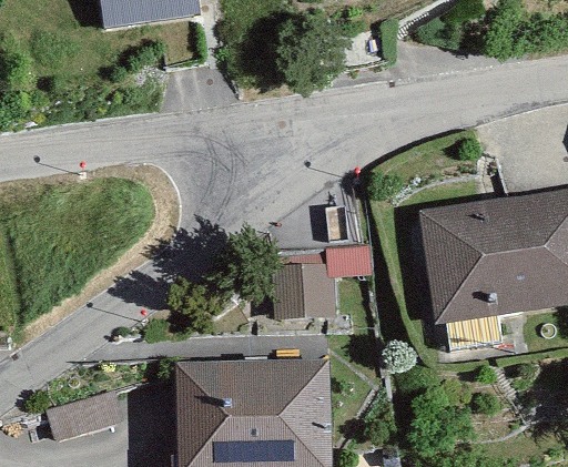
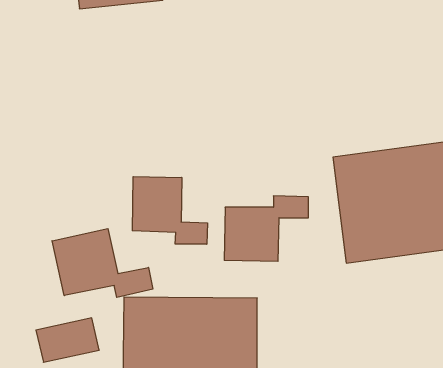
building: none -> [132,177,207,244]
building: none -> [52,229,153,297]

